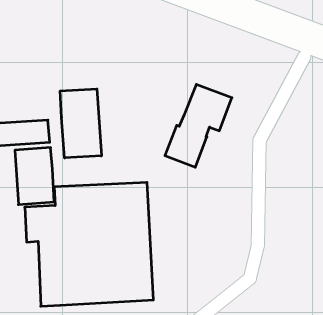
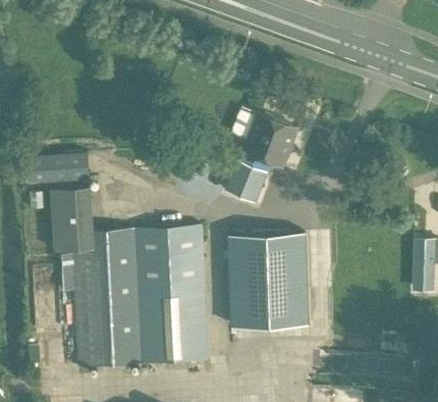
building: [60,89,101,158] -> none
building: none -> [228,233,310,326]

